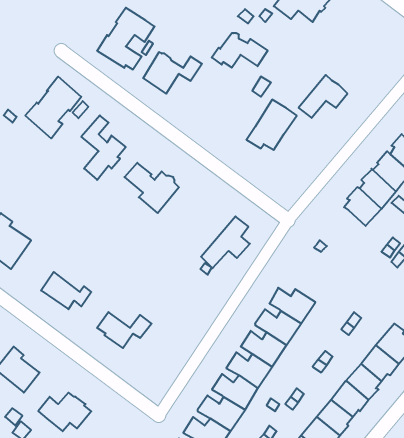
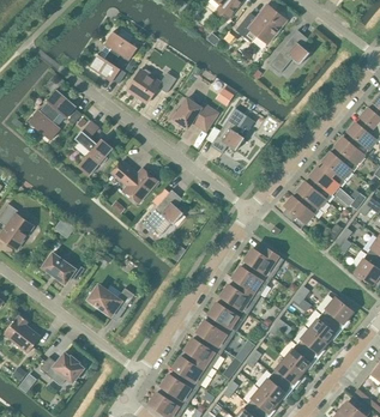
building: [212,33,268,68] -> [170,98,217,127]
building: [299,75,347,118] -> [269,37,309,73]
building: none -> [282,195,313,229]
building: [201,216,250,268] -> [143,189,183,232]
building: none -> [245,248,284,277]

